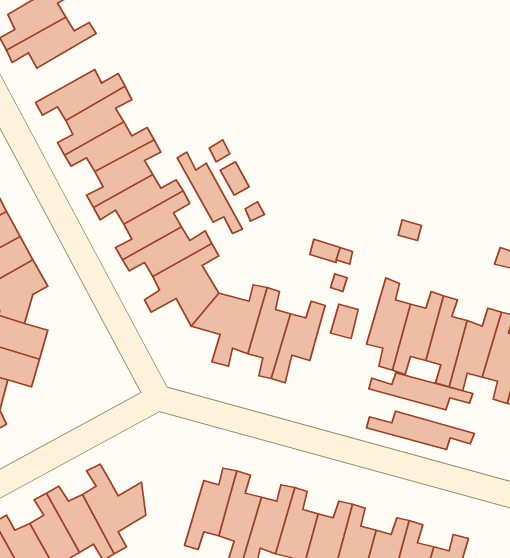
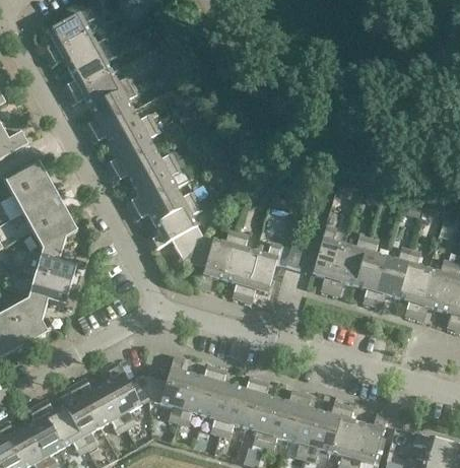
building: none -> [62,46,117,96]
building: [177,152,243,233] -> none
building: [369,373,473,410] -> none
building: [367,411,474,449] -> none
building: none -> [145,355,191,422]

